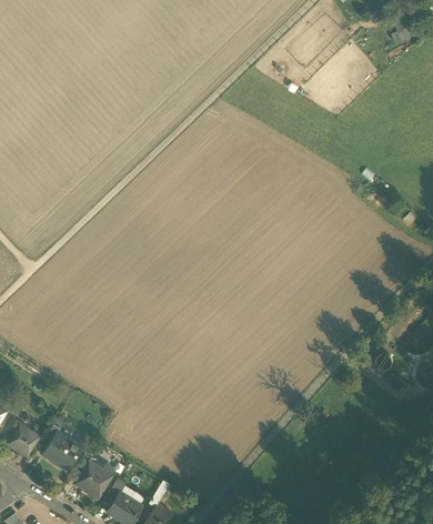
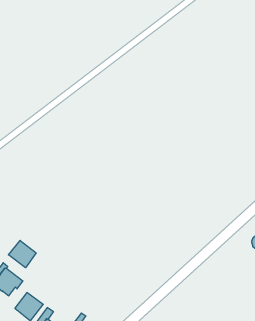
building: none -> [8,240,36,268]

